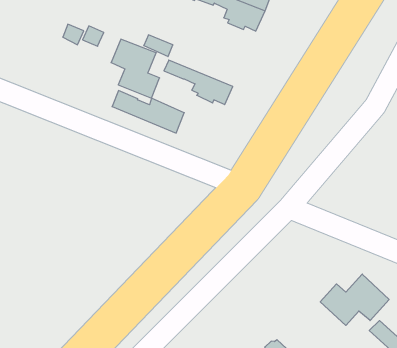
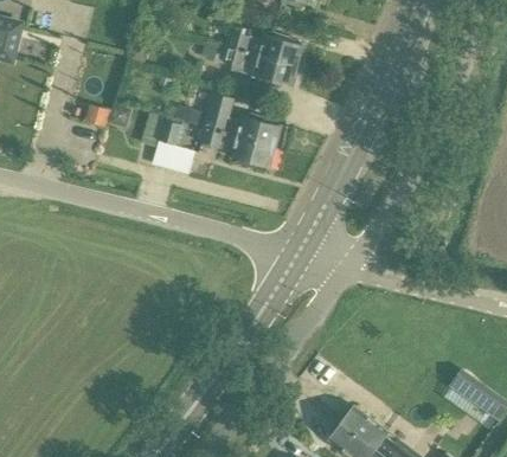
building: [112,91,184,133] -> [201,111,278,148]
building: [320,274,389,325] -> none

